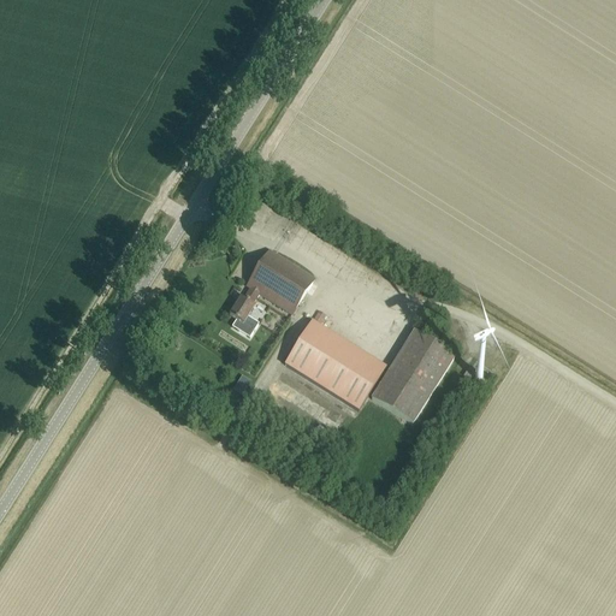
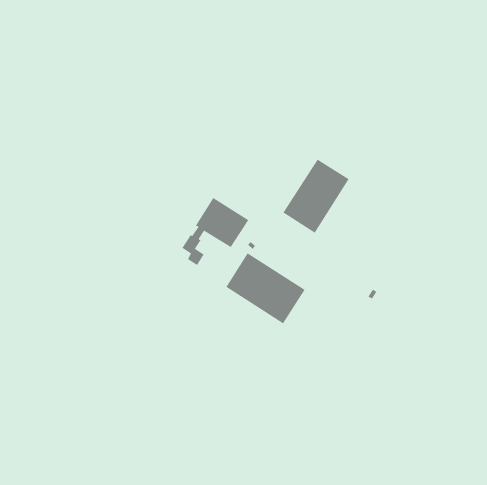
building: [371,327,455,421] -> [283,159,350,234]

